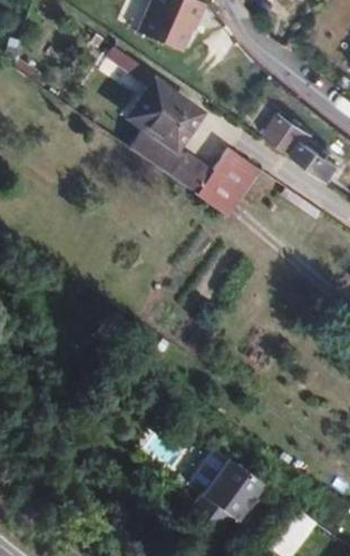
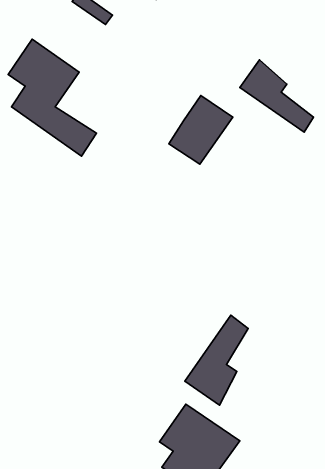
building: [125,79,211,193] -> [8,39,96,156]
building: none -> [185,315,248,405]

